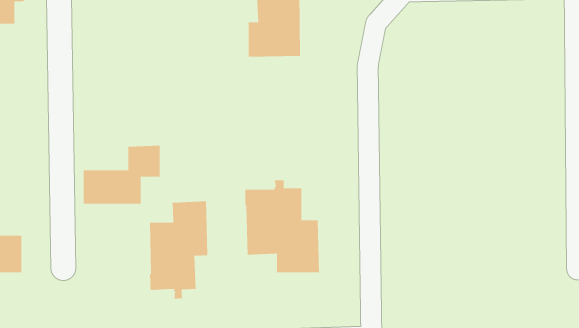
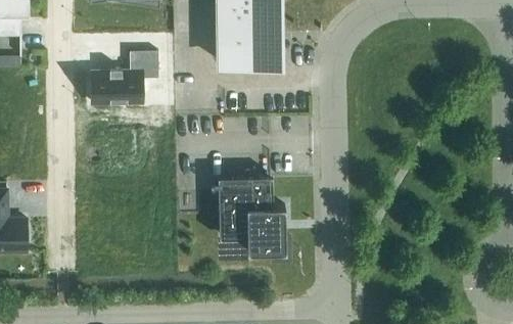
building: [83,145,160,204] -> [91,55,158,106]
building: [149,201,208,301] -> none

